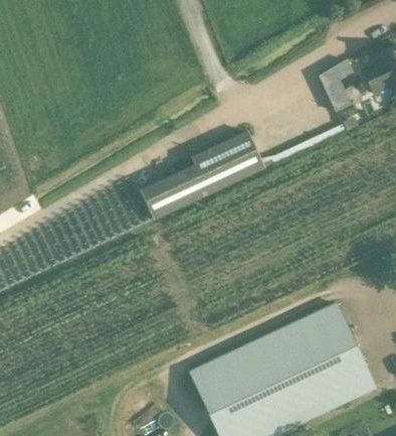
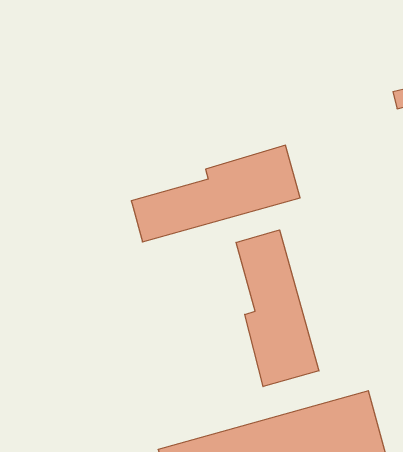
building: none -> [236,230,319,387]

